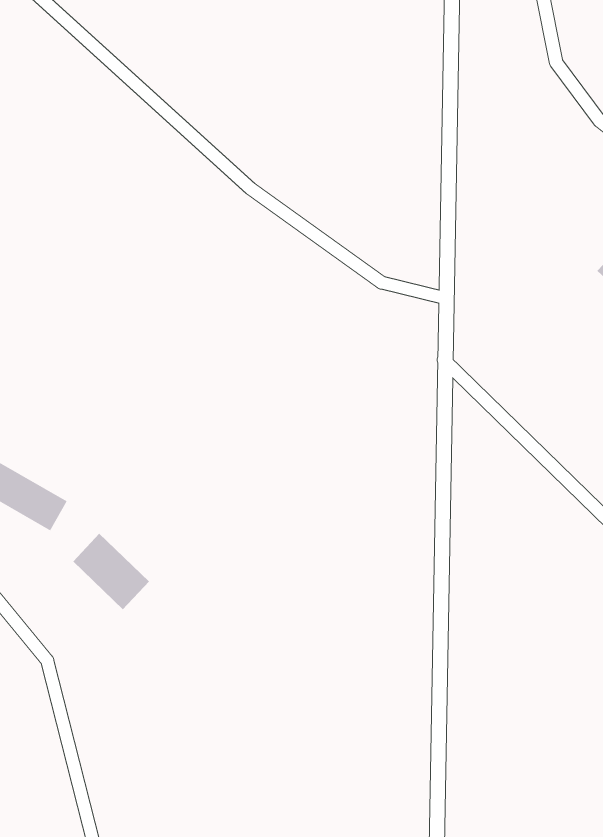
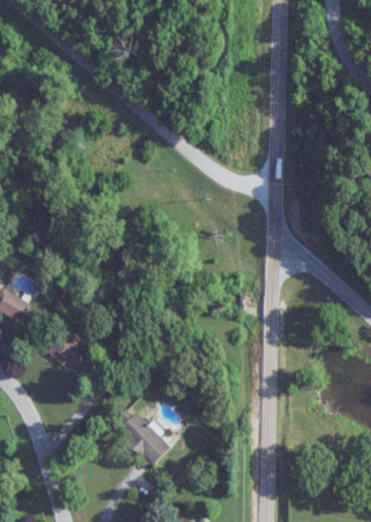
building: none -> [116,412,168,464]

